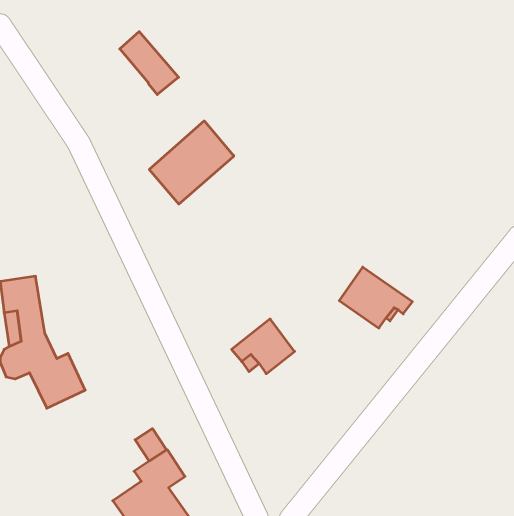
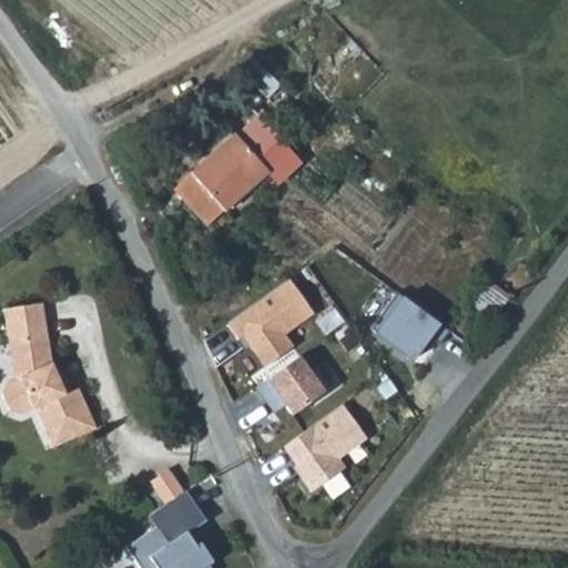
building: [120,32,179,95] -> [230,118,294,186]
building: none -> [230,275,316,364]
building: none -> [286,400,368,489]

